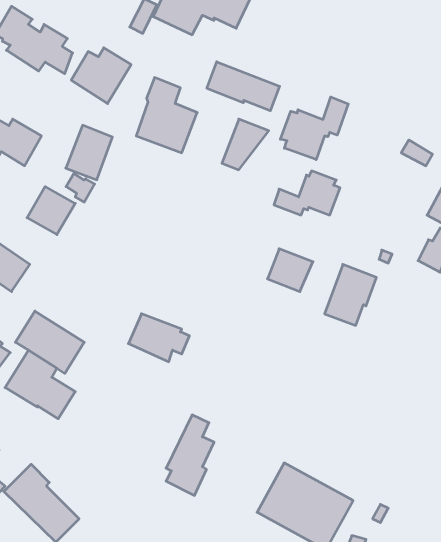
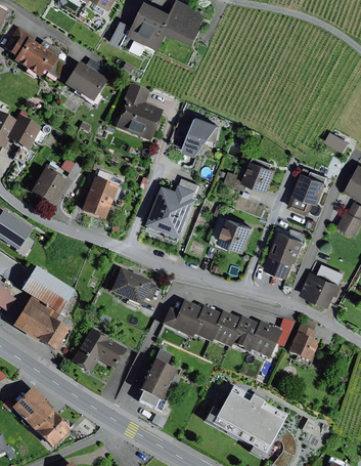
building: [207,62,280,111] -> none
building: [280,97,348,160] -> none
building: [66,125,112,180] -> [81,177,118,220]
building: none -> [288,170,327,214]
building: none -> [146,183,197,243]
building: none -> [301,263,344,306]
building: none -> [161,299,280,357]
building: none -> [287,325,318,362]
building: none -> [71,328,126,374]

